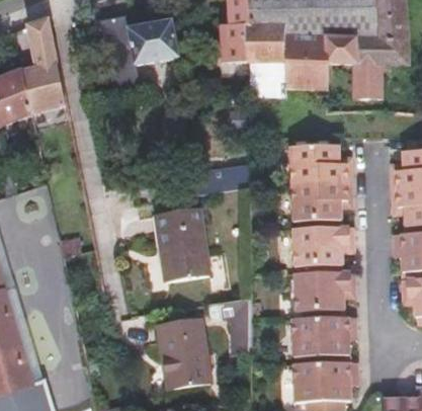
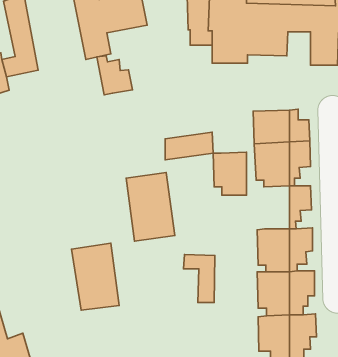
building: none -> [97,56,133,95]
building: [294,225,330,270] -> [213,152,247,195]
building: [162,322,213,393] -> [71,243,119,310]

